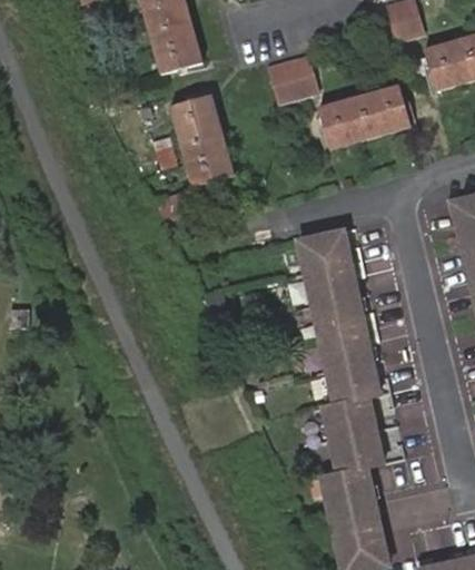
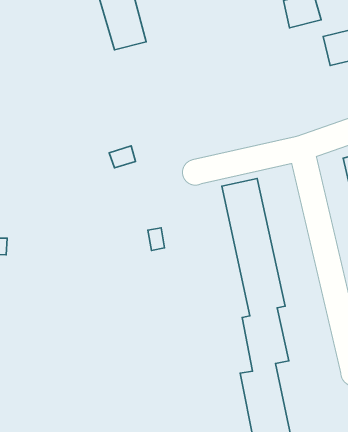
building: [271,56,318,100] -> none
building: [321,83,412,147] -> none
building: [170,91,234,184] -> none

